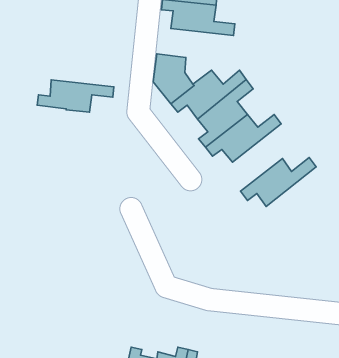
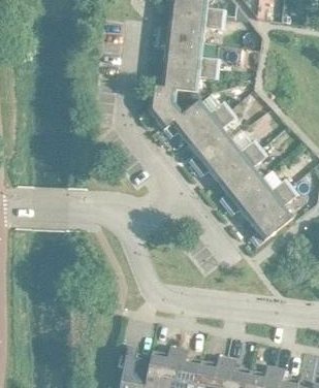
building: [37,80,114,112] -> [151,63,219,92]
building: none -> [218,148,267,207]
building: none -> [248,186,298,247]

